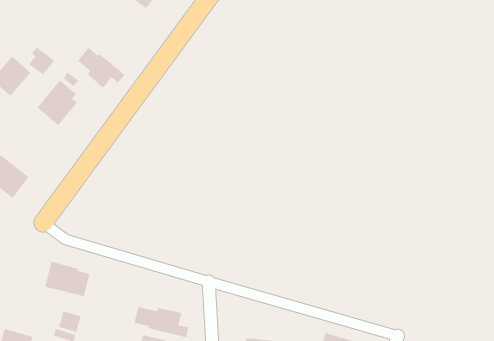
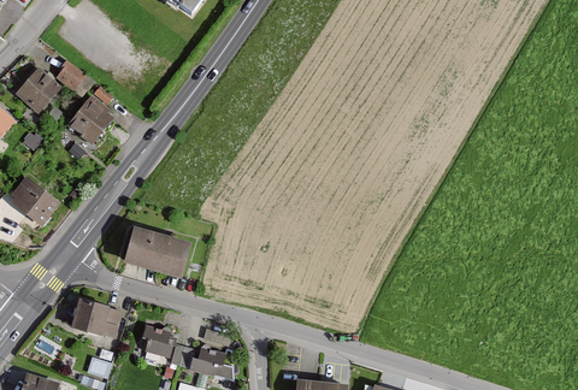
building: [77,47,126,88] -> none
building: none -> [118,231,184,278]
building: none -> [140,327,171,360]

